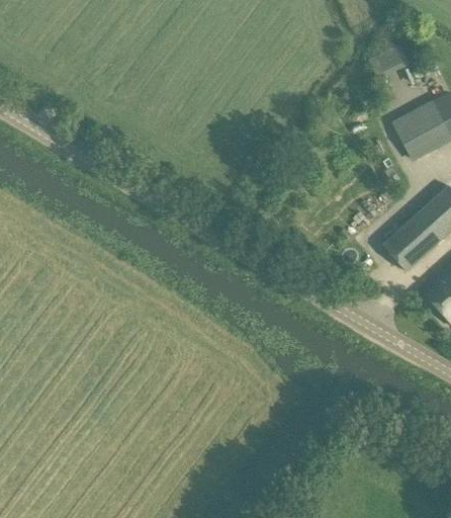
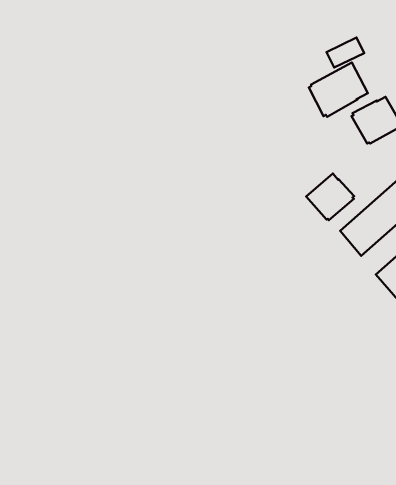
building: none -> [309,62,368,117]
building: none -> [306,174,354,220]

